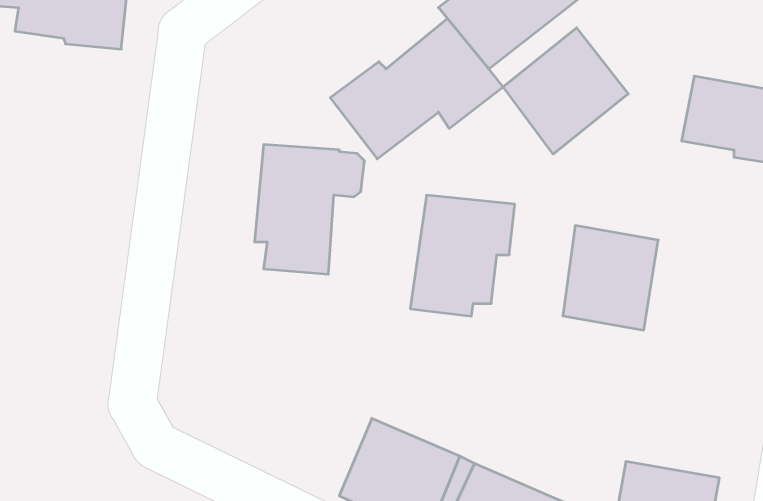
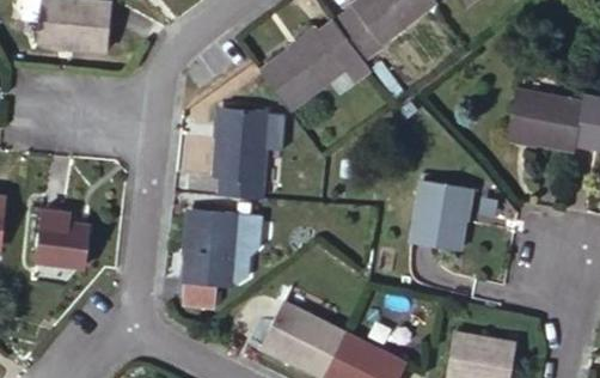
building: [503,28,628,154] -> none
building: [410,195,515,316] -> [182,220,251,300]
building: none -> [48,213,102,267]

